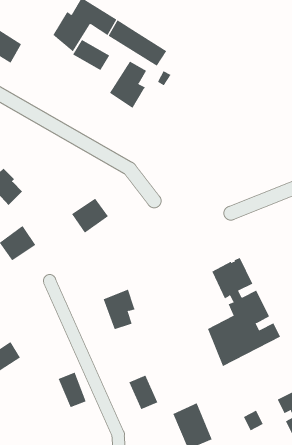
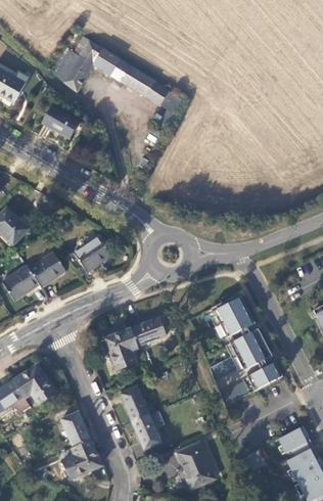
building: [72,39,110,71] -> [41,105,79,137]
building: [109,61,147,109] -> none
building: none -> [28,252,65,287]
building: none -> [131,317,166,346]
building: none -> [13,364,55,404]
building: none -> [120,385,148,420]
building: none -> [61,440,100,477]

